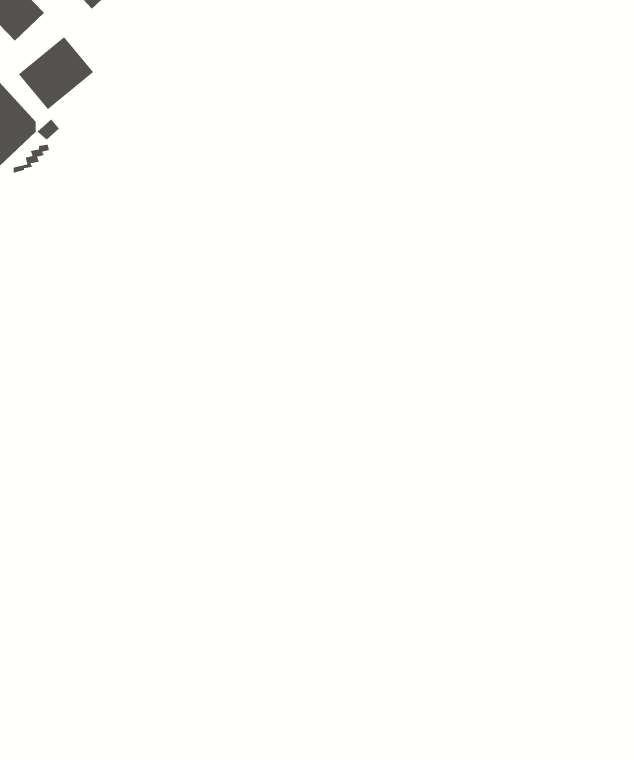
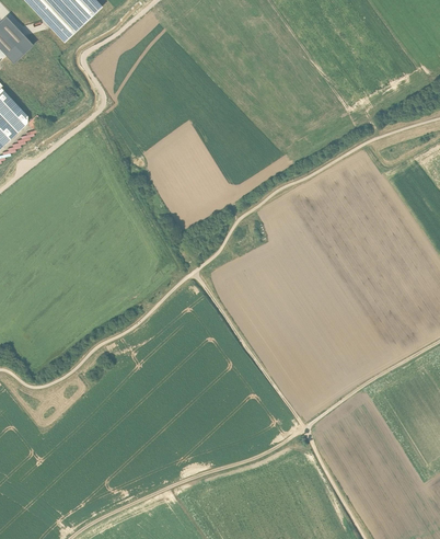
building: [18,36,94,110] -> none

